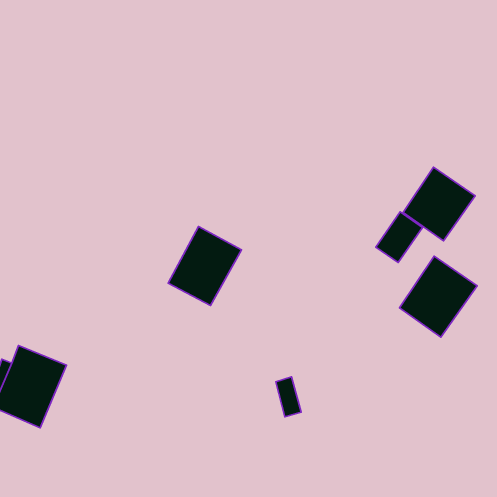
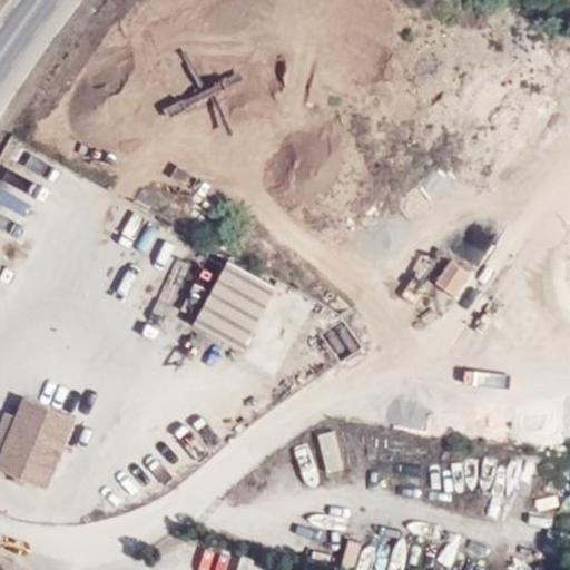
building: [403,167,475,241] -> none
building: [399,256,477,337] -> none

